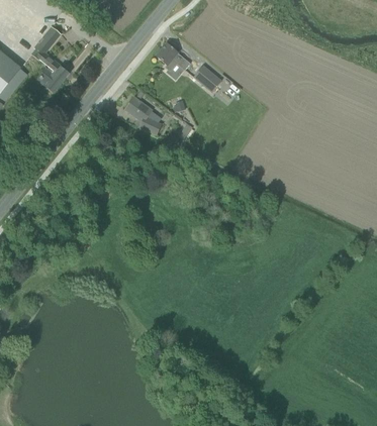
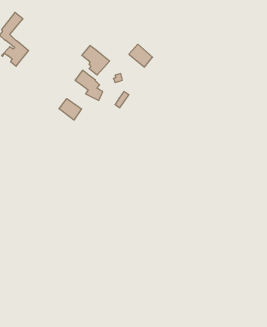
building: [158,42,192,79] -> [82,46,110,75]
building: none -> [59,99,82,120]

